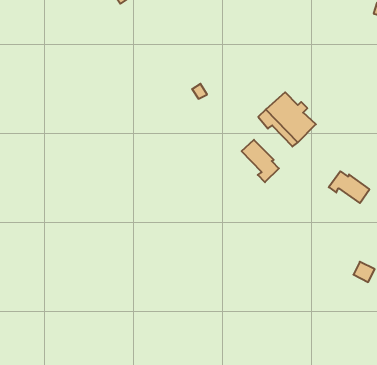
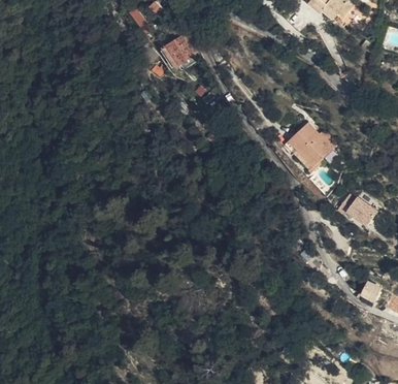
building: none -> [160,40,192,73]
building: [242,140,279,182] -> none

